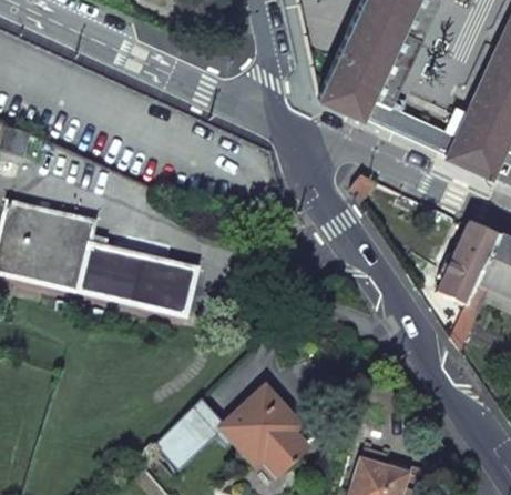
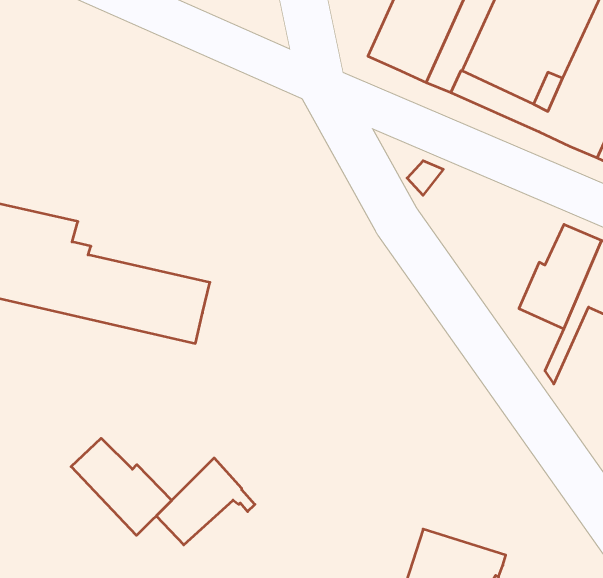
building: [221,386,305,472] -> none
building: none -> [71,438,172,535]

